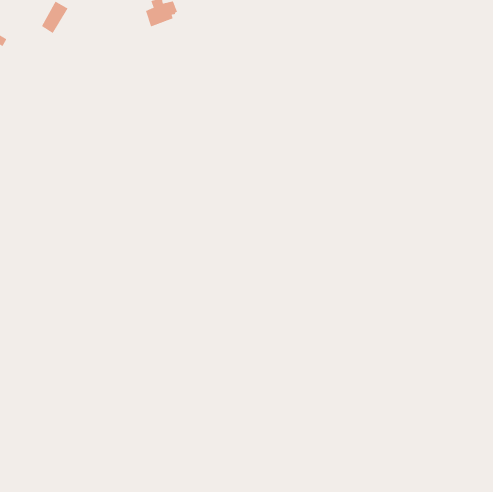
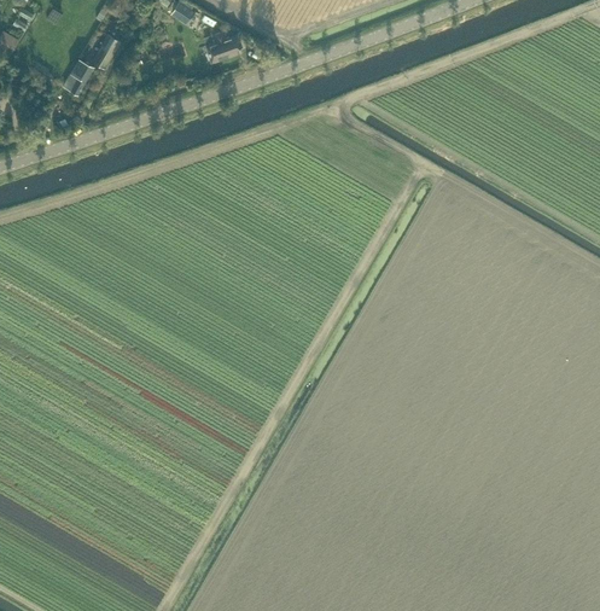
building: none -> [63,58,93,95]

